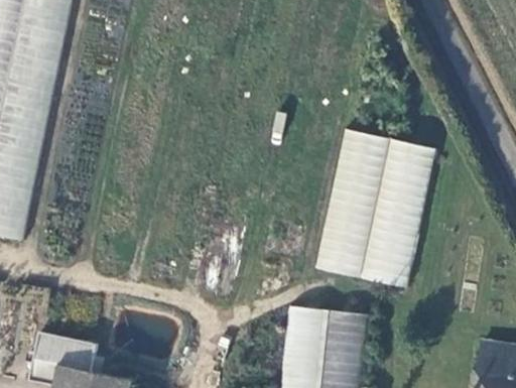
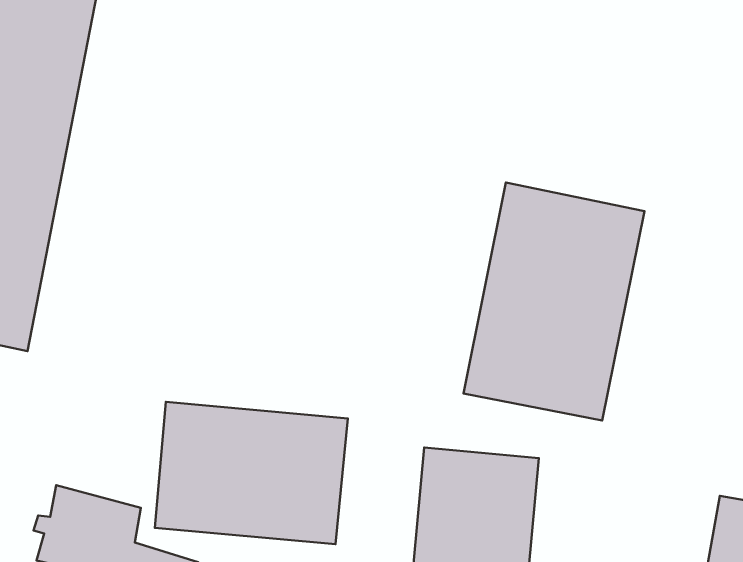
building: none -> [155,402,348,544]

